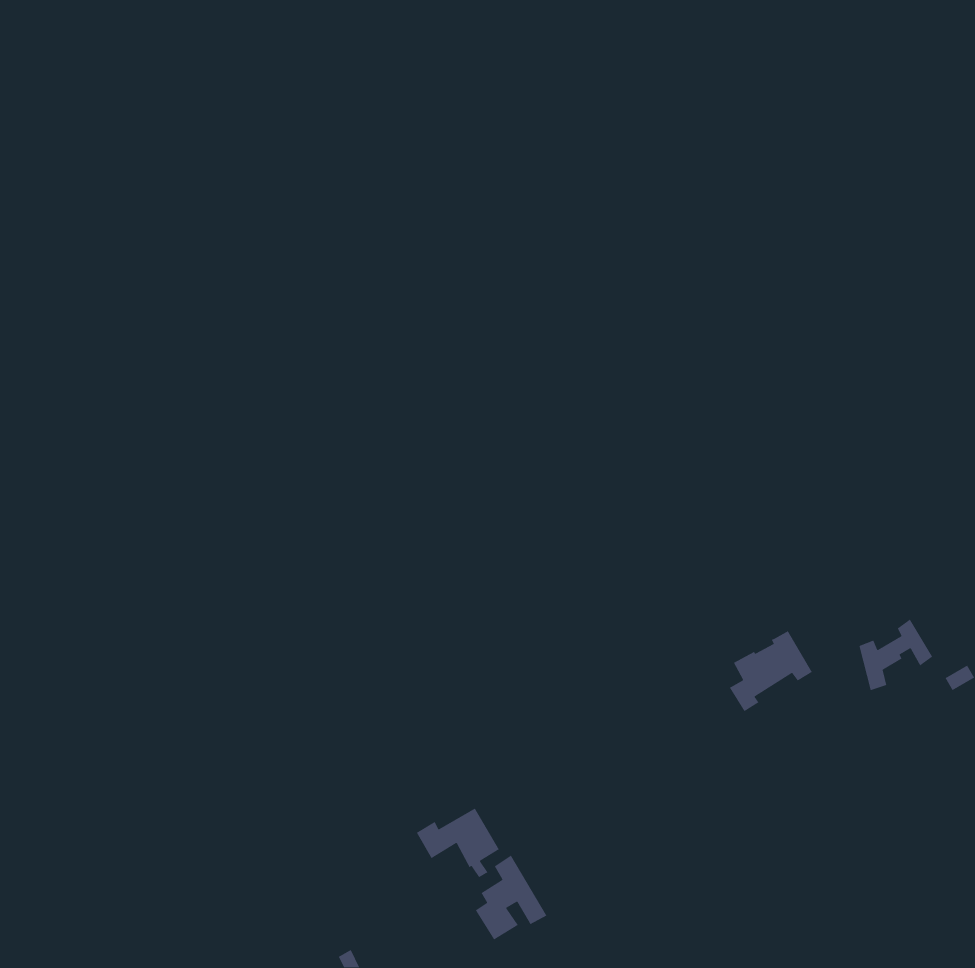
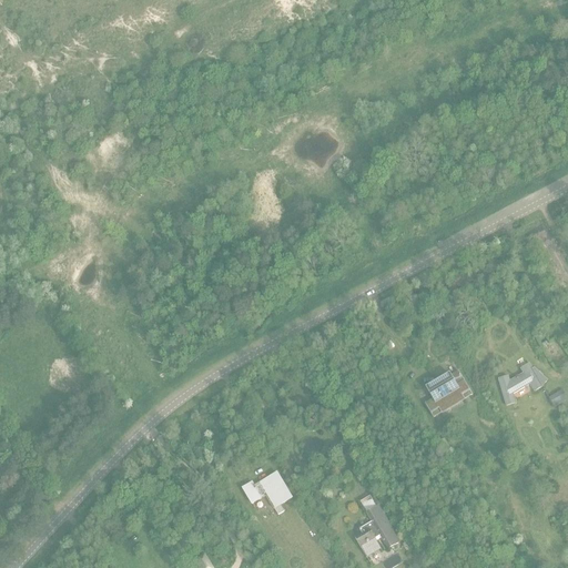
building: [475,855,547,941] -> [356,503,398,552]

